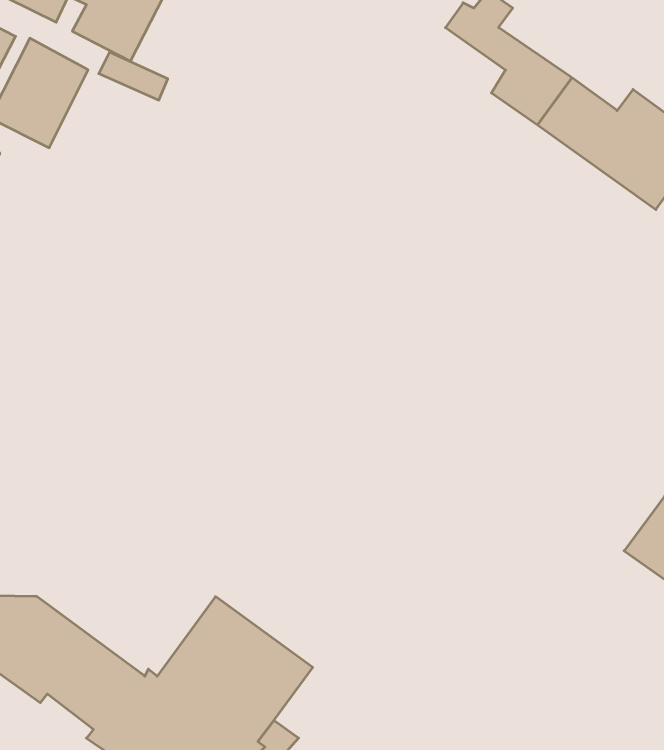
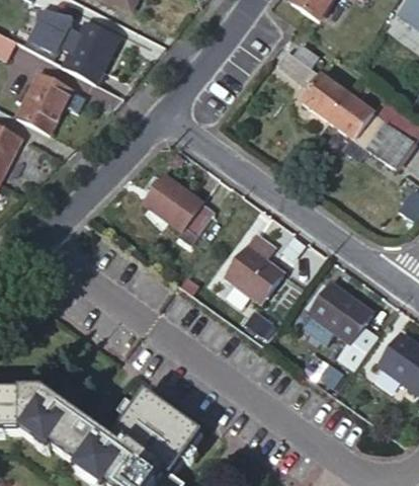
building: none -> [145,175,216,244]
building: none -> [227,234,284,302]
building: none -> [310,282,378,369]

